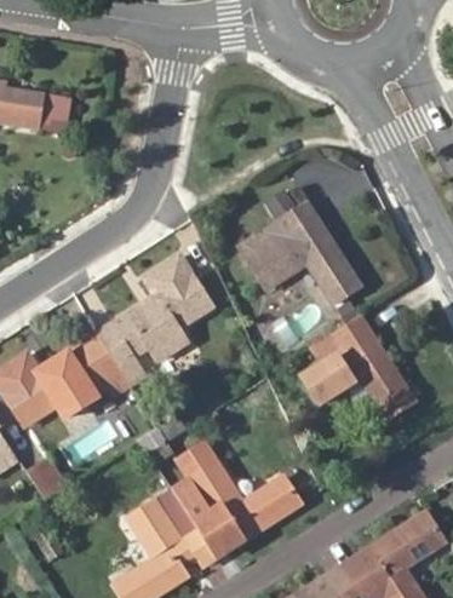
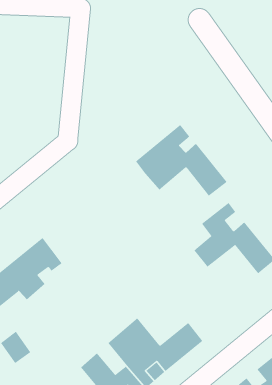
building: [101,255,212,372] -> none

